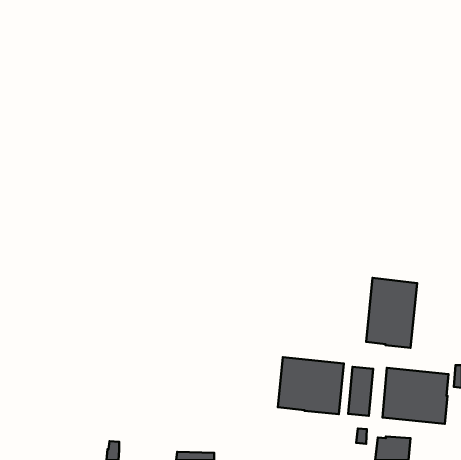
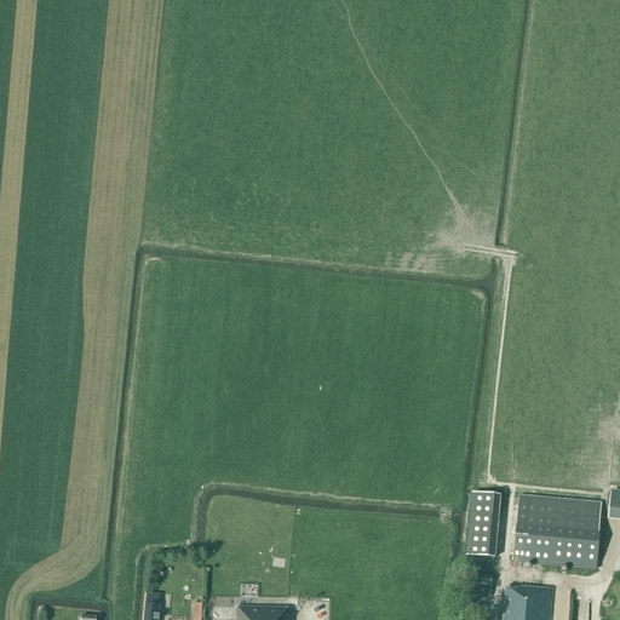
building: [366,278,417,348] -> none
building: [278,357,344,414] -> none

